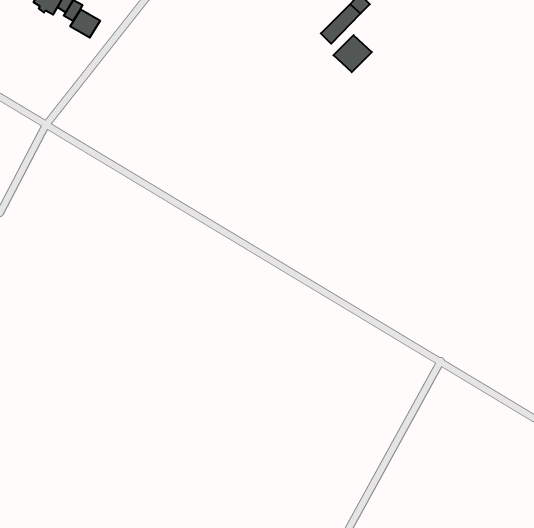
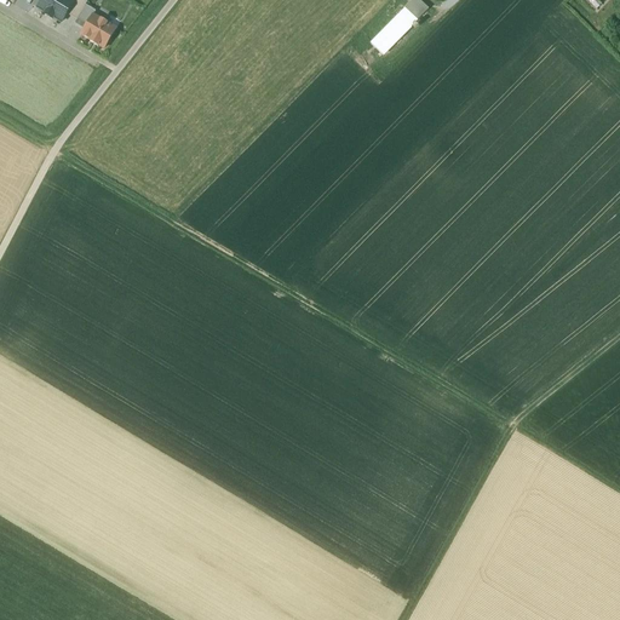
building: [333,35,372,72] -> none

